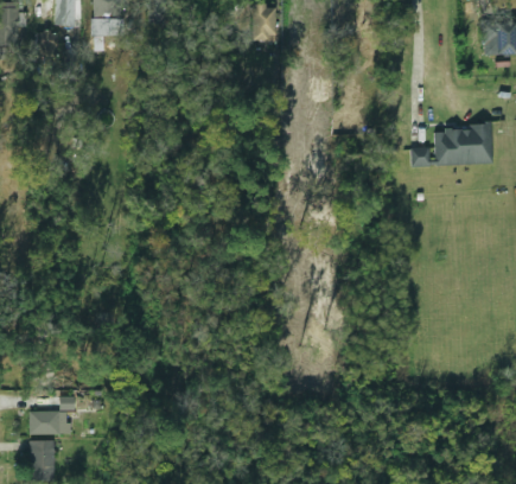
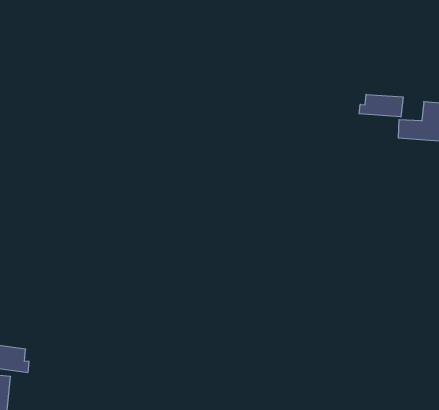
building: none -> [359,94,403,117]

